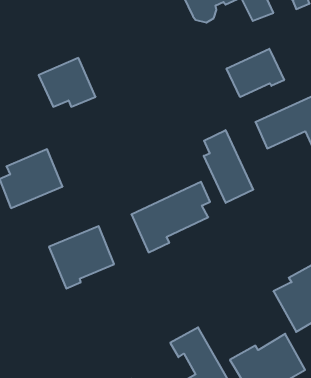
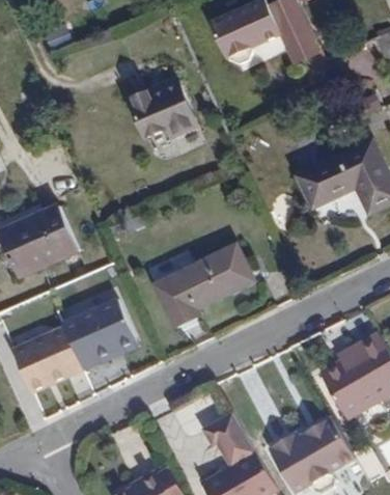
building: [227,49,284,97] -> none
building: [39,58,96,107] -> [132,81,197,137]
building: [204,130,253,203] -> none
building: none -> [13,326,82,389]

